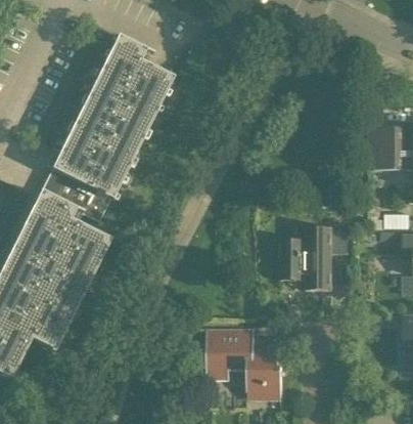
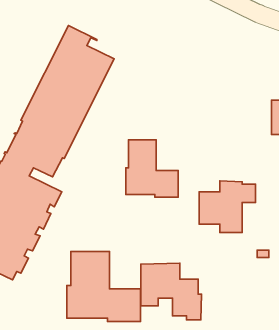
building: none -> [126,140,178,197]
building: none -> [67,252,140,321]

